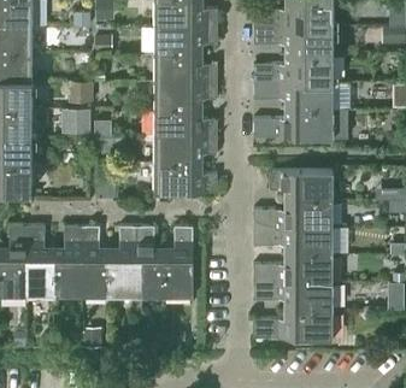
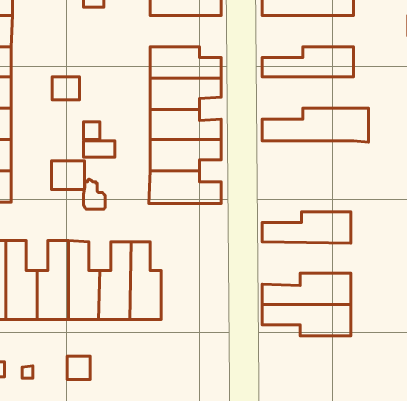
building: [154,28,217,55] -> none
building: [253,28,334,55] -> none
building: [253,82,334,110] -> none
building: [61,110,90,135] -> [52,161,84,189]
building: [270,172,333,201] -> none
building: [164,228,193,296] -> none
building: [253,228,331,255] -> none
building: [253,311,331,340] -> none

